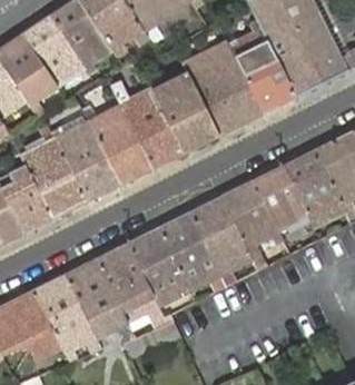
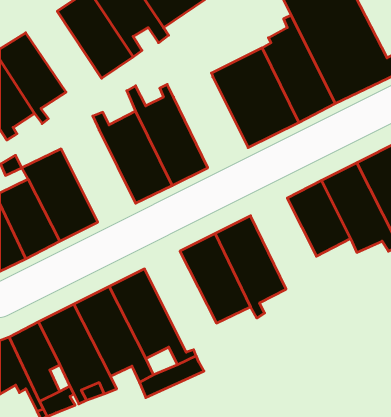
building: [23,16,90,87] -> none
building: [154,73,219,154] -> none
building: [55,120,120,201] -> none
building: [221,180,283,270] -> none
building: [128,227,191,316] -> none

